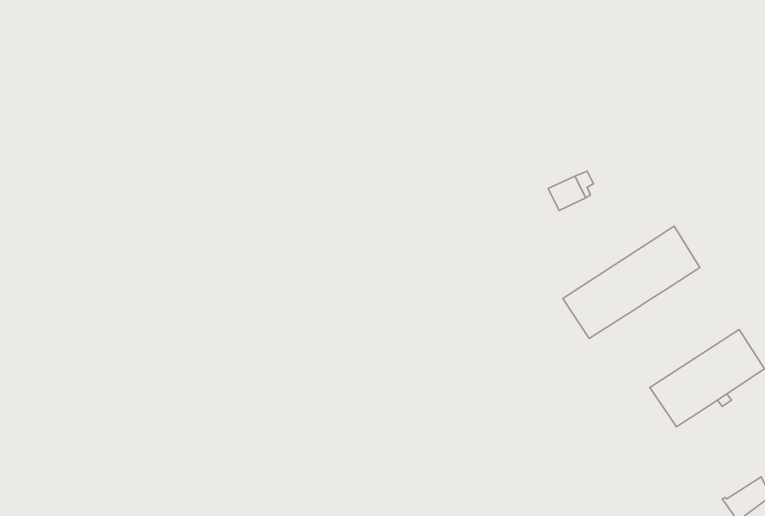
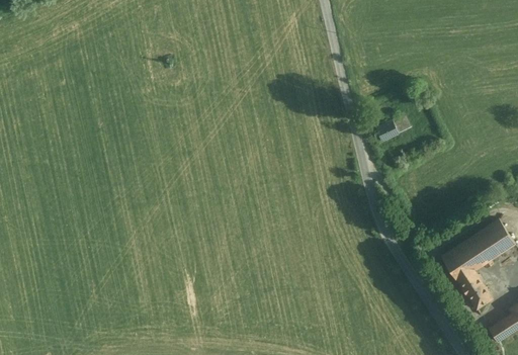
building: [563,226,700,338] -> none
building: none -> [457,271,493,309]

